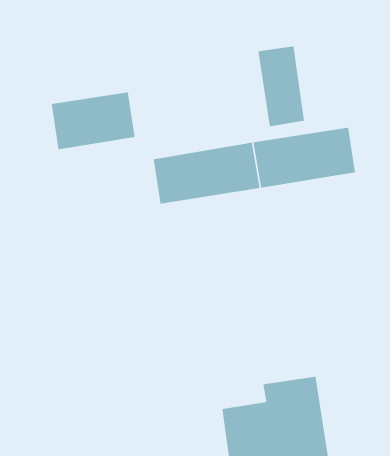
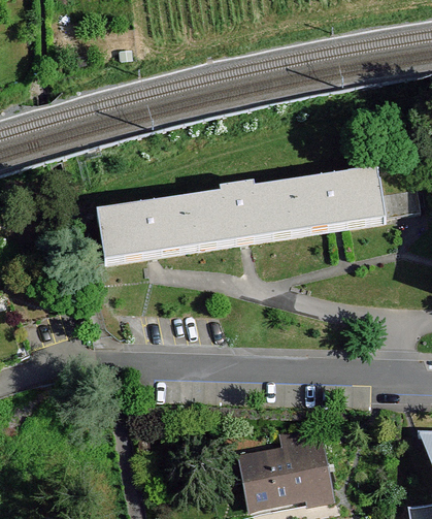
building: [258,46,305,127] -> none
building: [51,92,135,150] -> [87,199,174,260]

